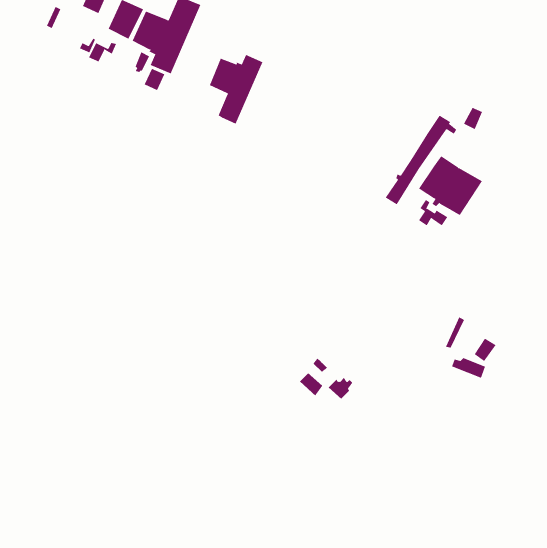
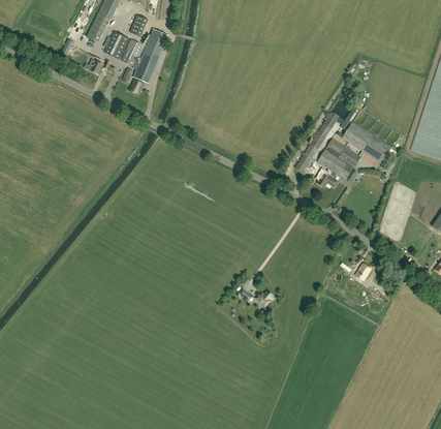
building: [209,54,263,124] -> none
building: none -> [337,123,391,163]

